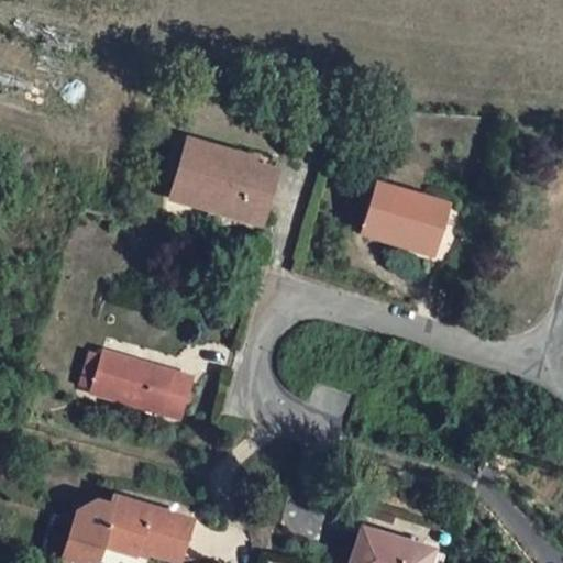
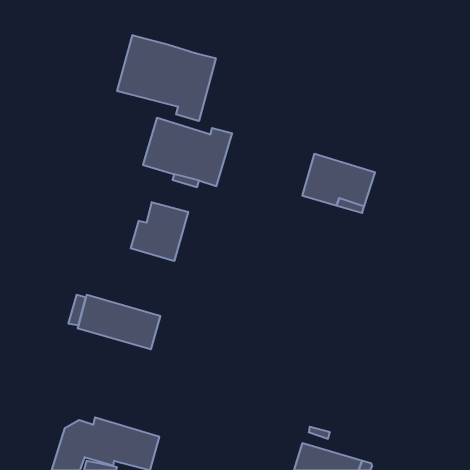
building: none -> [117,35,216,121]
building: none -> [131,202,188,261]

